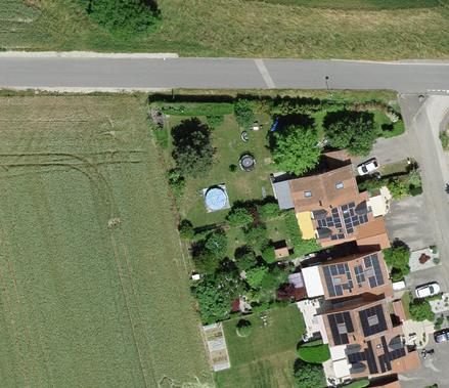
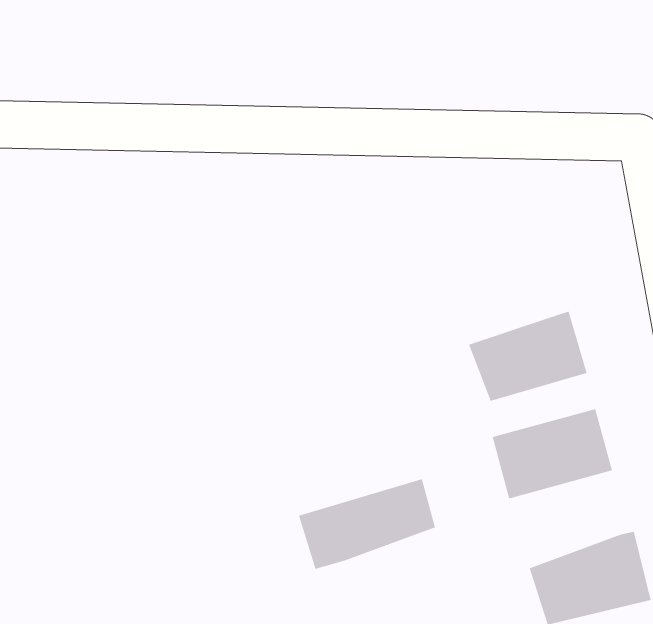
building: [283,164,357,215] -> none
building: [313,297,397,352] -> [298,479,436,569]

